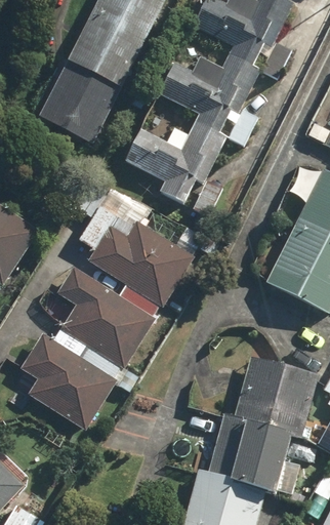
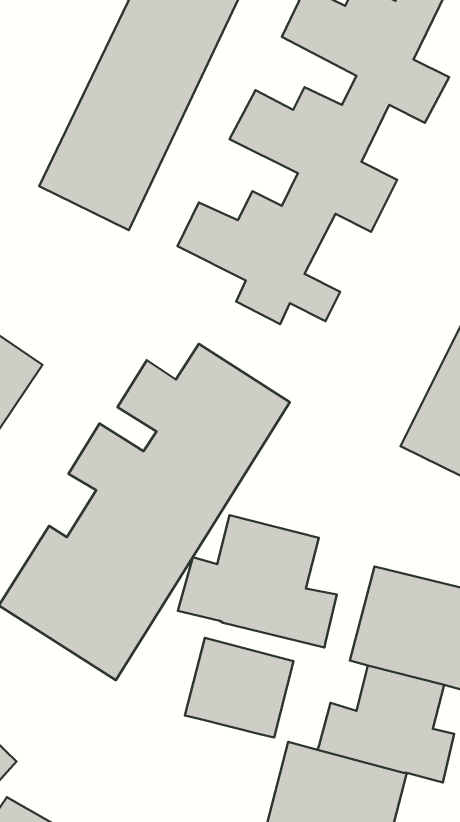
building: none -> [178,515,337,648]
building: none -> [185,638,293,738]

